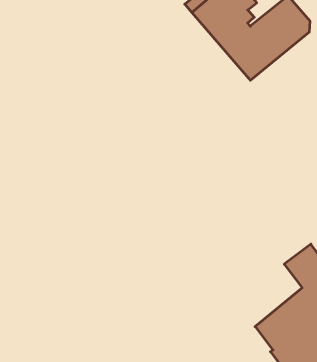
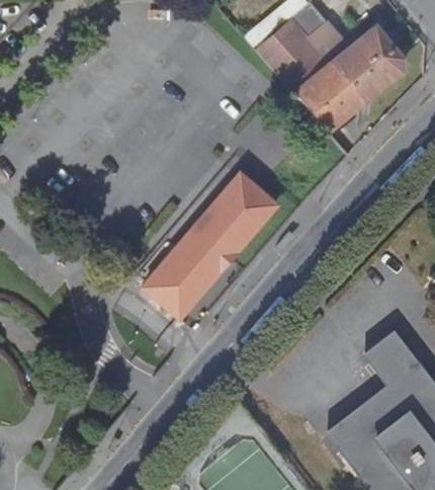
building: none -> [144,171,277,315]

